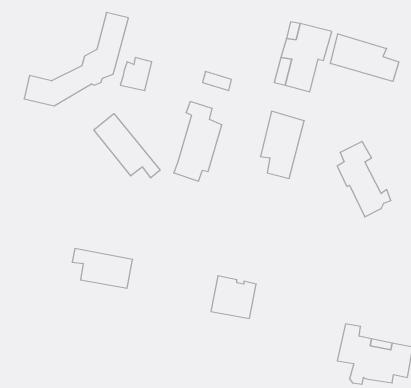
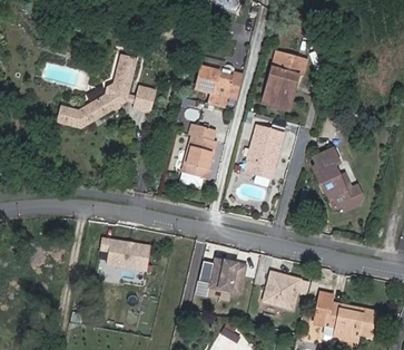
building: [330,34,399,81] -> none
building: none -> [200,64,243,97]
building: [94,114,160,178] -> none
building: none -> [264,271,302,309]

